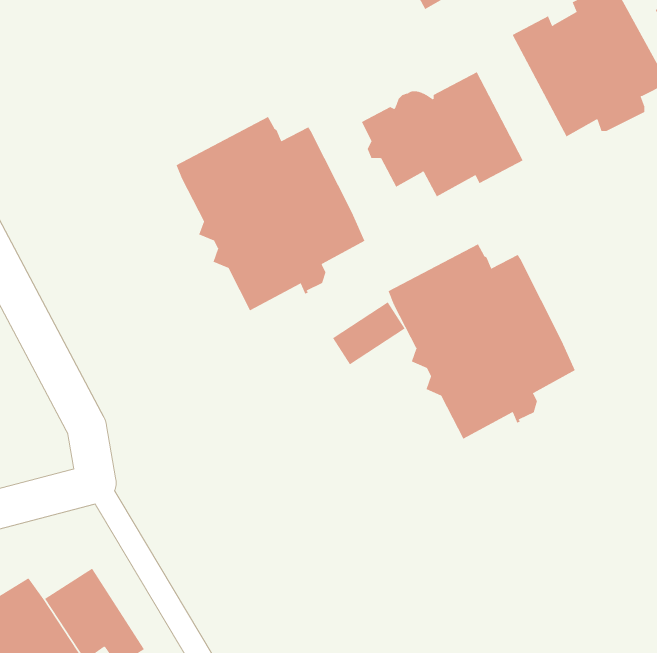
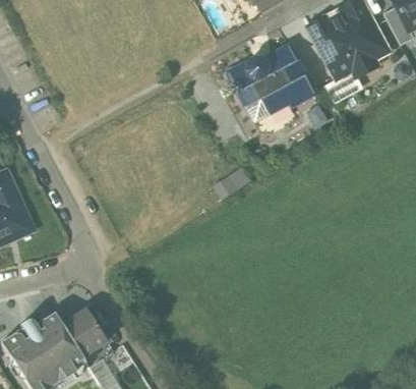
building: [176,116,365,311] -> none
building: [388,243,576,439] -> none

